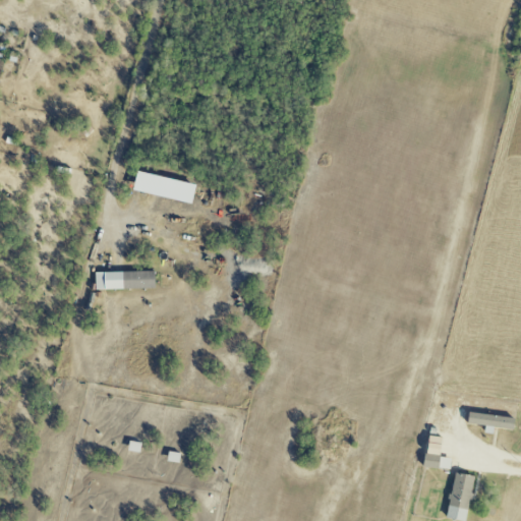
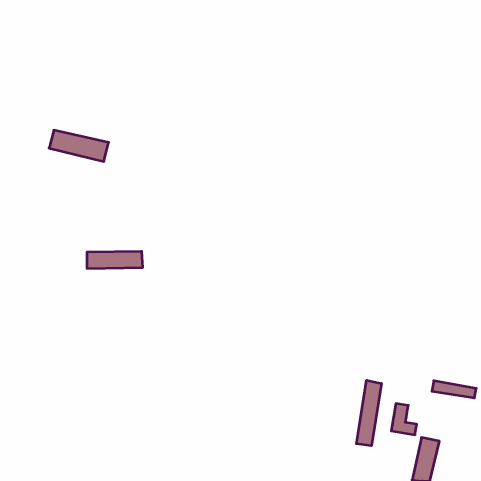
building: [132,170,196,204] -> [49,130,109,161]
building: none -> [356,380,381,446]

